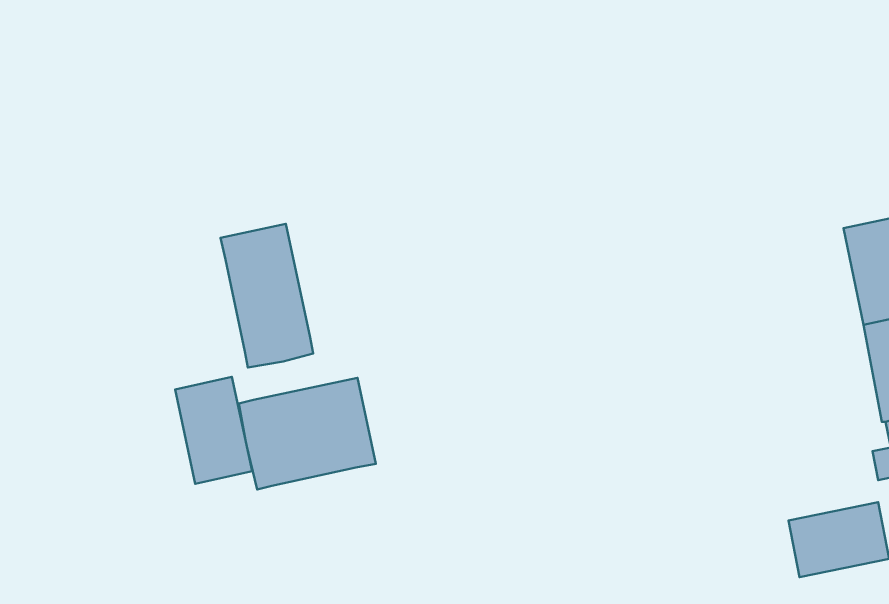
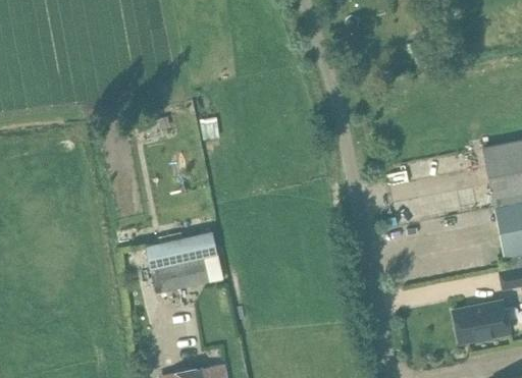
building: [221,224,313,368] -> none
building: [175,377,252,484] -> none

